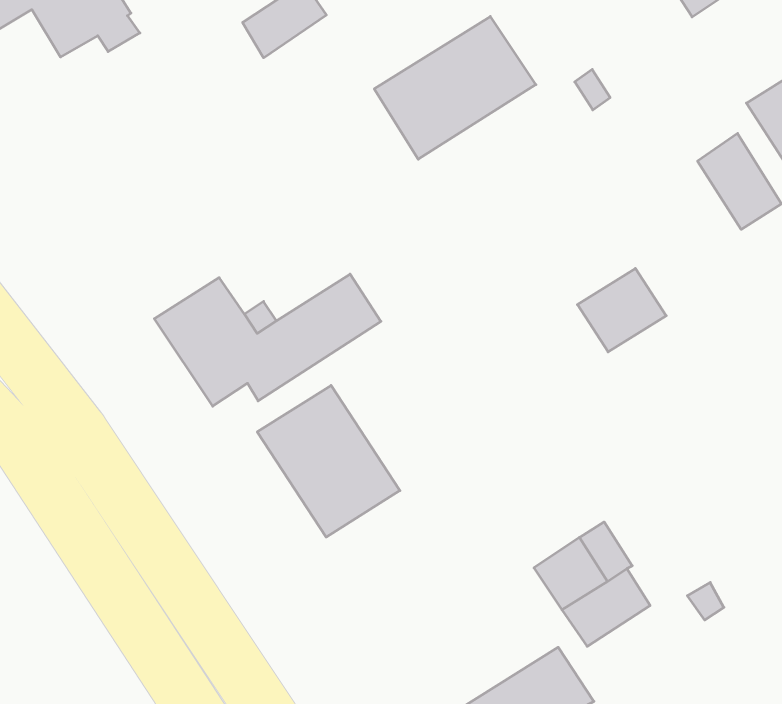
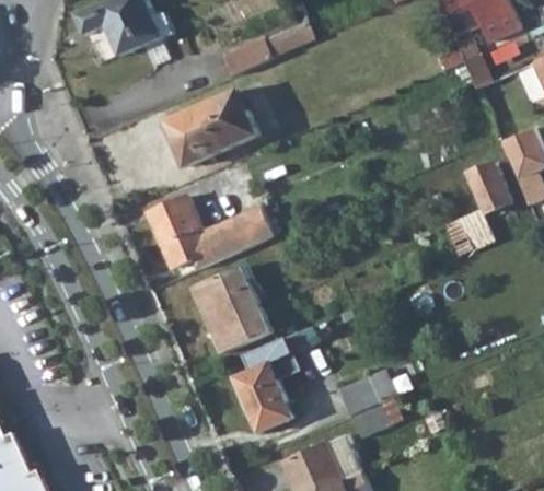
building: [374,16,536,159] -> [164,90,256,164]
building: [577,268,666,352] -> [442,209,491,254]
building: none -> [233,338,299,432]

